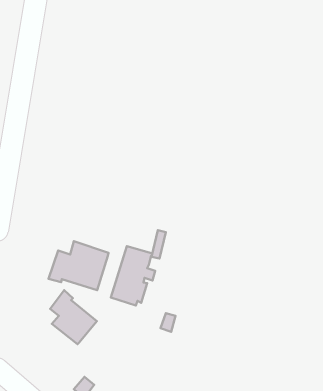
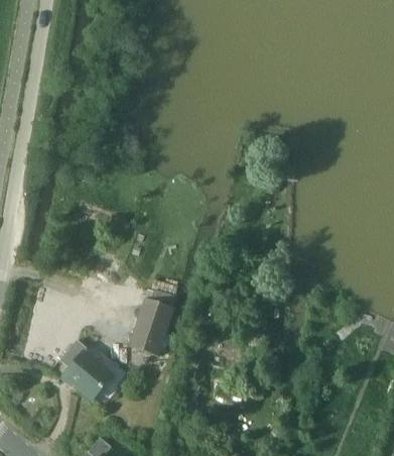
building: [48,241,108,290] -> none

